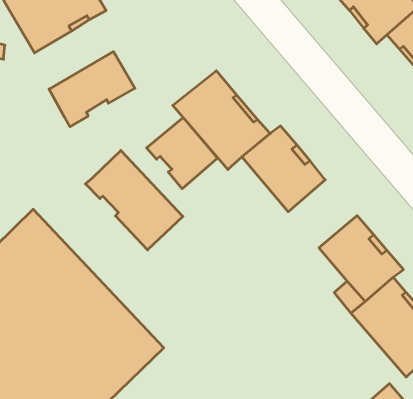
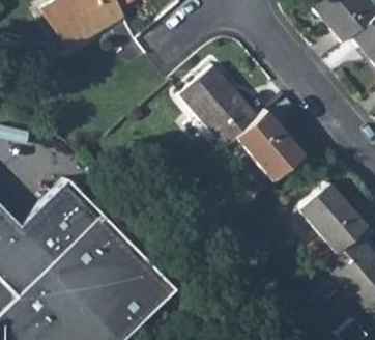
building: [49,52,135,127] -> none
building: [147,117,218,189] -> none
building: [85,150,183,250] -> none

